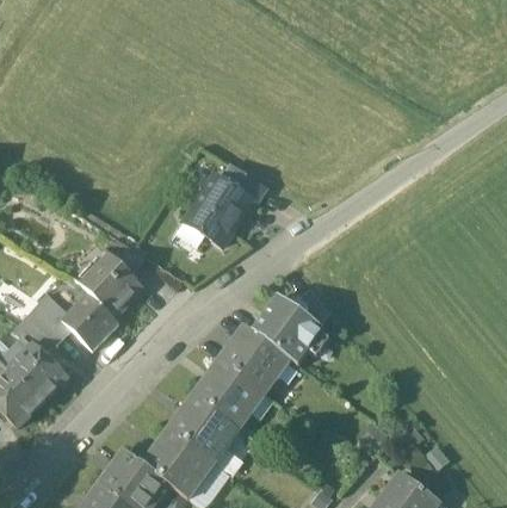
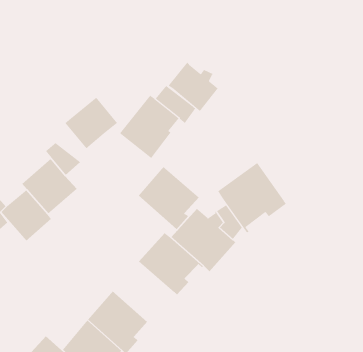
building: none -> [168,62,219,112]
building: none -> [65,97,118,149]
building: none -> [218,162,286,233]
building: [192,359,260,428] -> [138,166,199,230]

